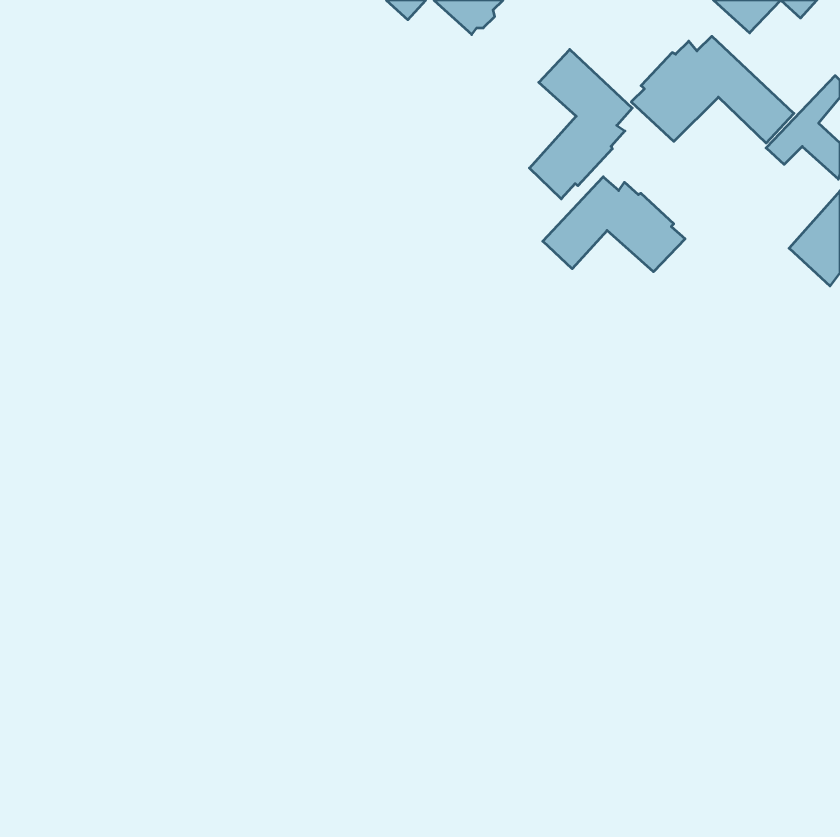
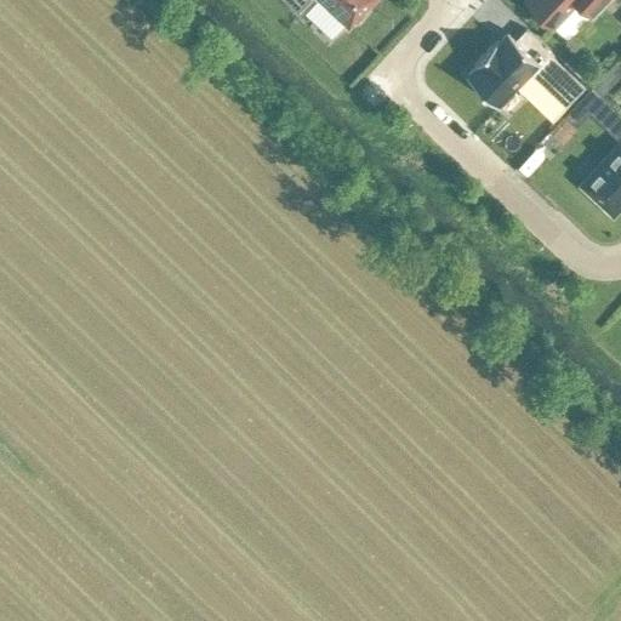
building: [529,49,632,199] -> none
building: [543,177,685,272] -> none

